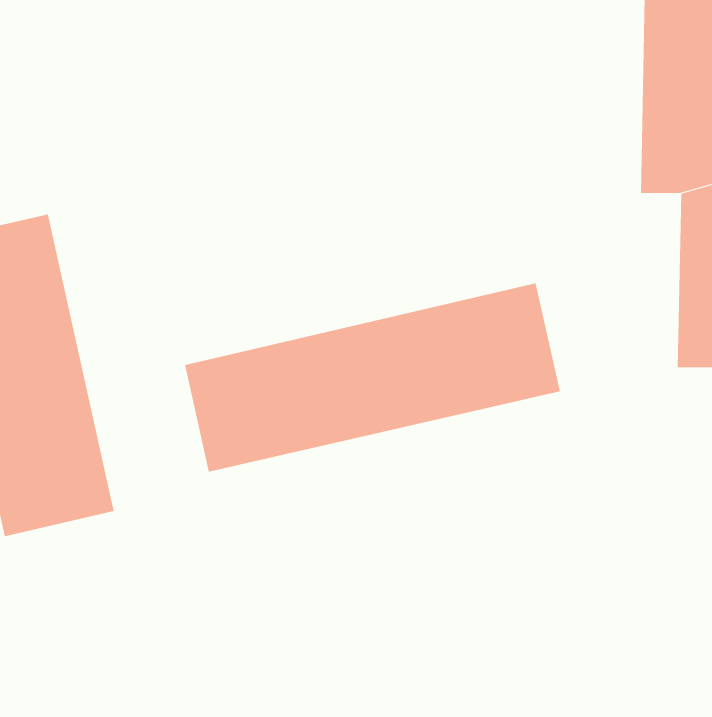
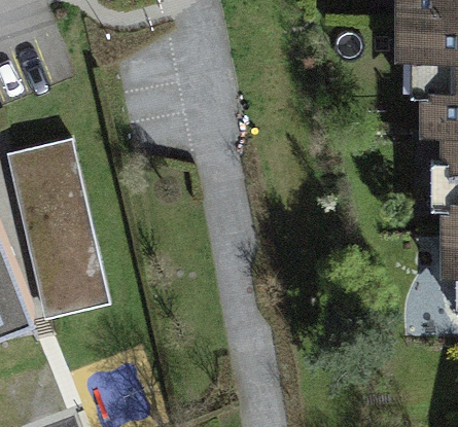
building: [184,282,561,472] -> none

